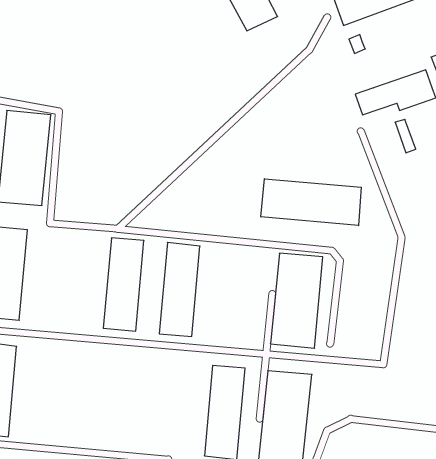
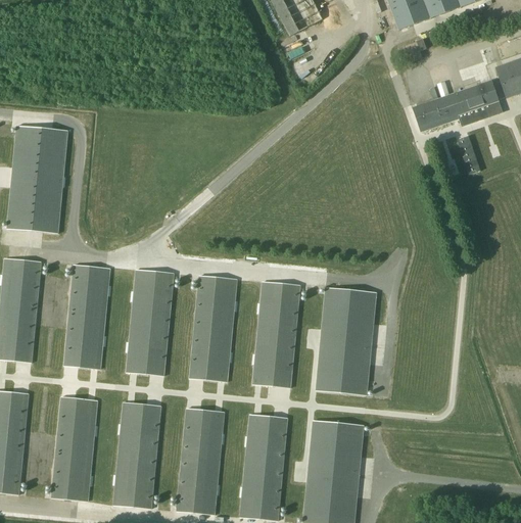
building: [261,179,361,226] -> none
building: none -> [64,264,106,369]
building: none -> [253,281,299,387]
building: none -> [52,395,94,501]
building: none -> [115,401,161,508]
building: none -> [177,408,224,514]

